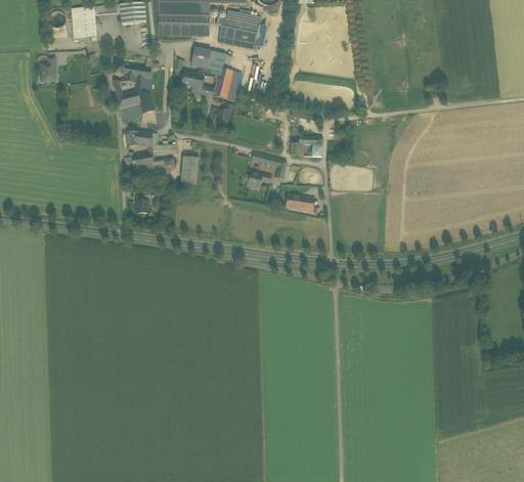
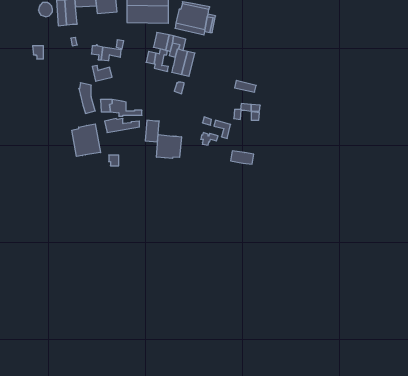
building: [134,76,155,114] -> [79,83,95,113]
building: none -> [72,124,101,156]
building: none -> [157,134,181,158]

